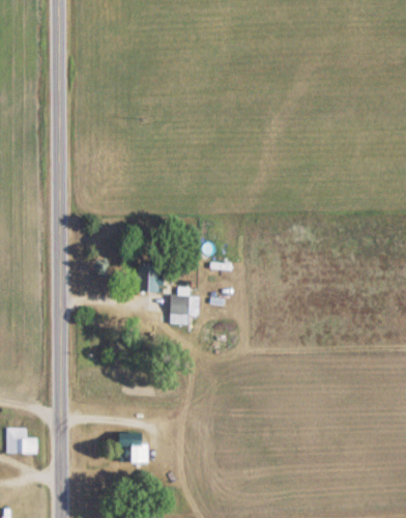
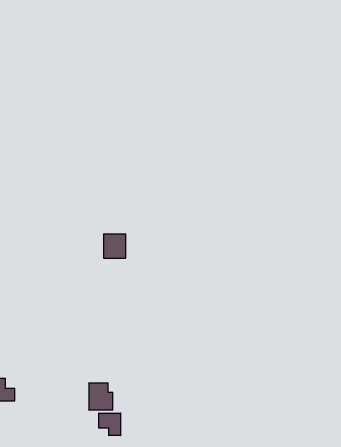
building: [171,296,199,324] -> none
building: none -> [99,413,121,436]

